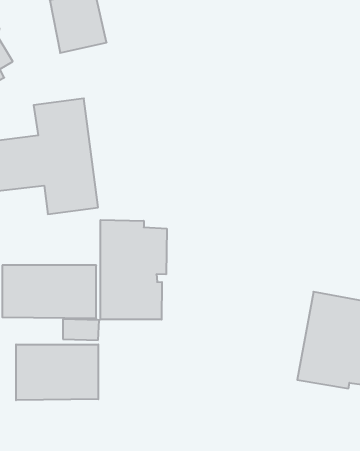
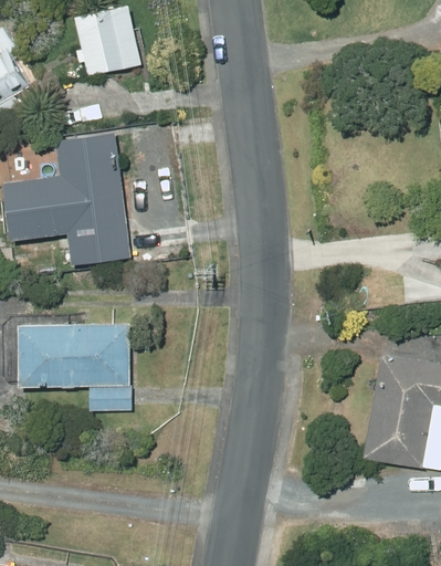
building: [101,220,167,320] -> none
building: [16,344,98,400] -> none

